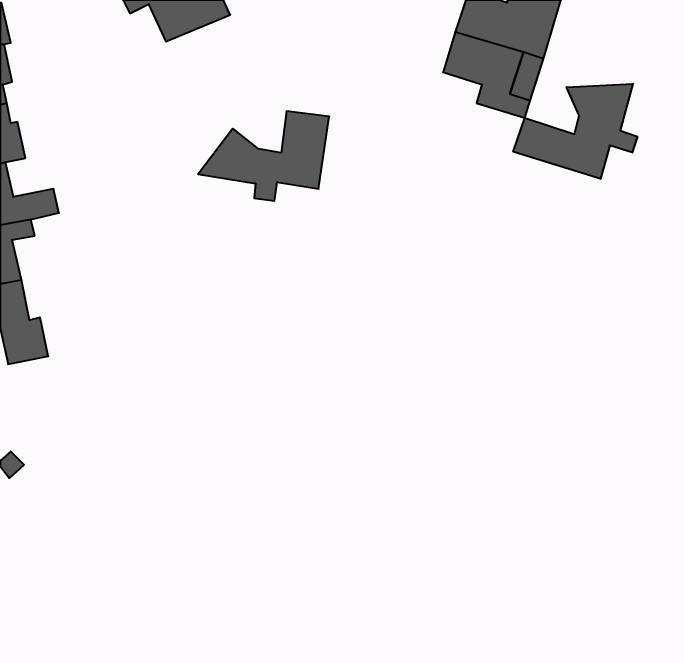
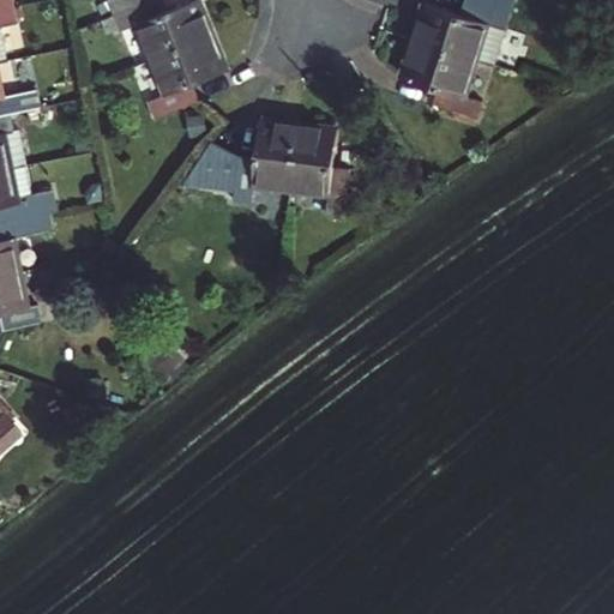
building: none -> [145,32,222,115]
building: [513,84,637,179] -> none
building: none -> [285,124,343,213]

